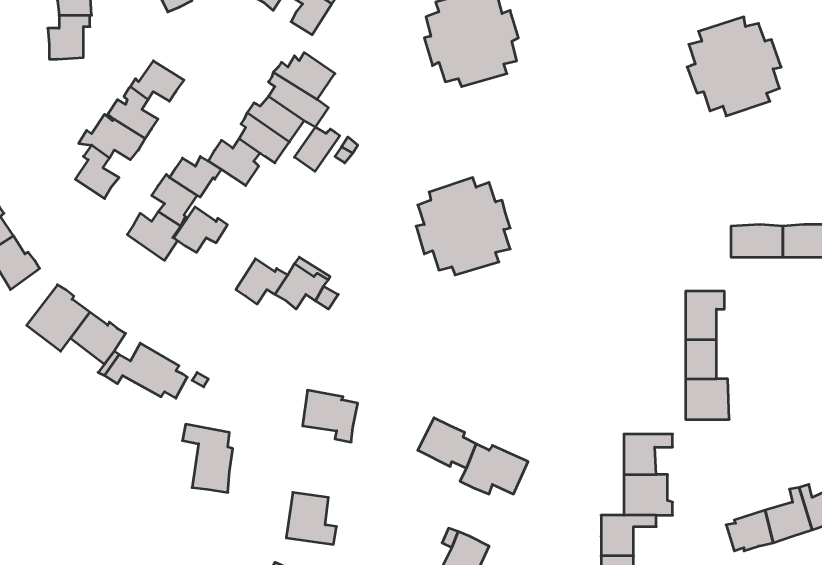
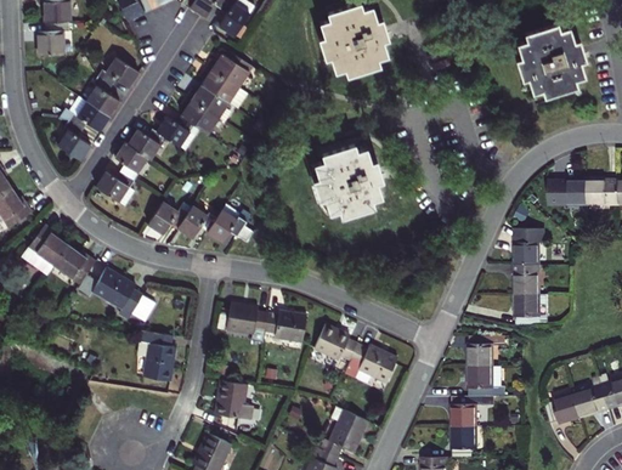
building: [294,127,340,171] -> none
building: [174,207,227,252] -> [146,202,186,236]
building: none -> [265,311,306,341]

